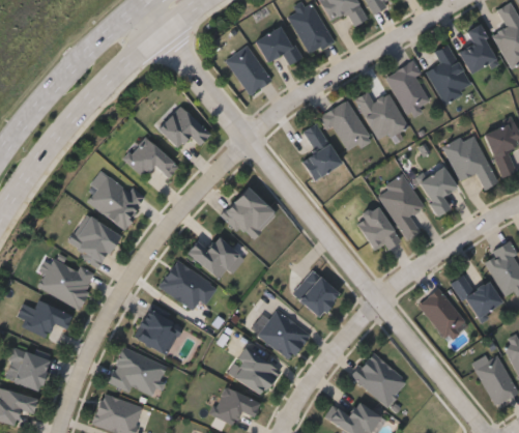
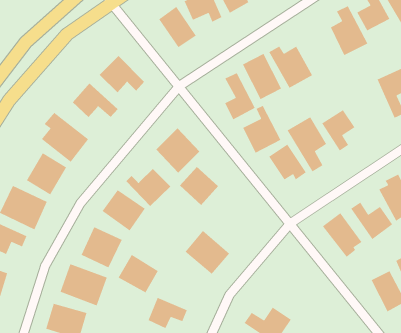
building: [386,62,432,116] -> none
building: [444,134,498,190] -> none
building: none -> [242,105,281,154]
building: [293,271,340,318] -> [179,166,219,206]
building: [231,349,280,396] -> [118,254,159,294]
building: [352,353,407,406] -> none

